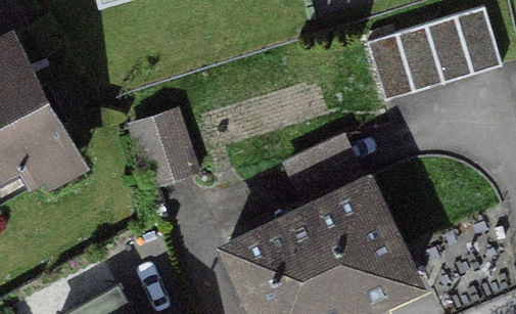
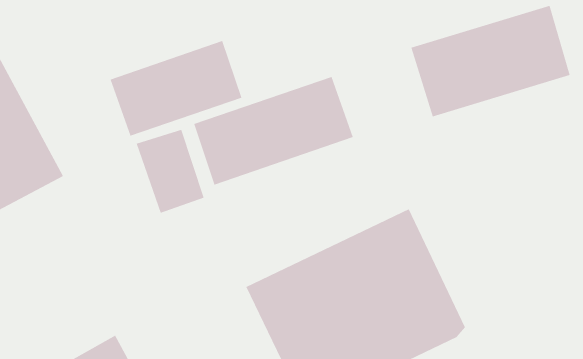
building: none -> [110,40,242,137]
building: none -> [193,76,354,185]

